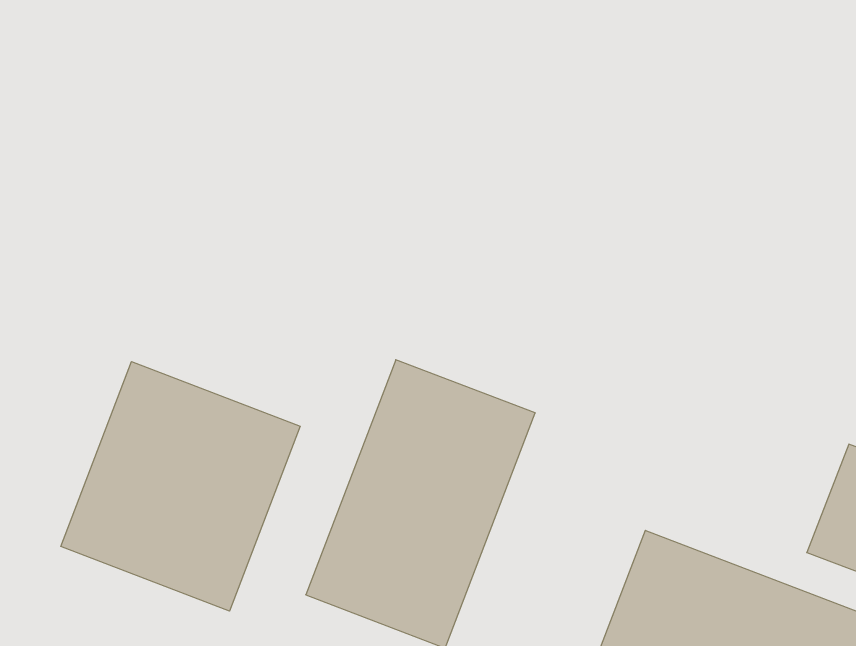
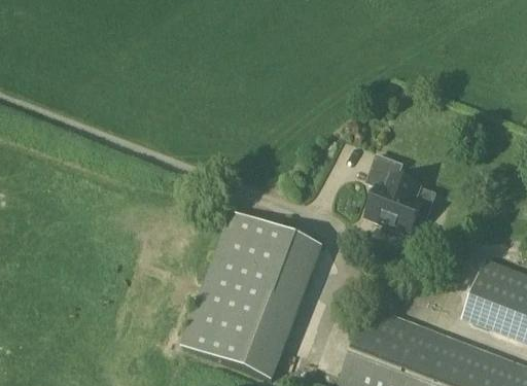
building: none -> [365,153,437,234]
building: [61,362,300,611] -> none

